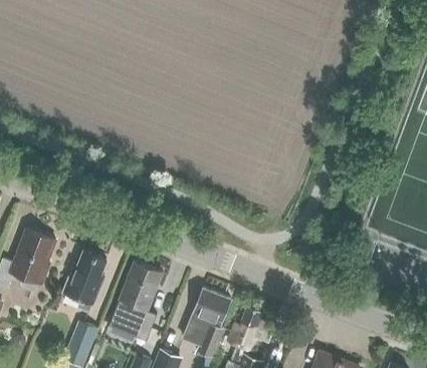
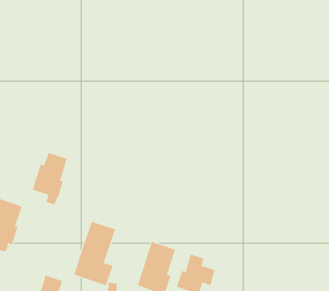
building: [62,252,105,313] -> [32,152,68,205]

